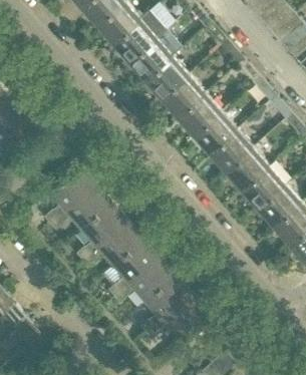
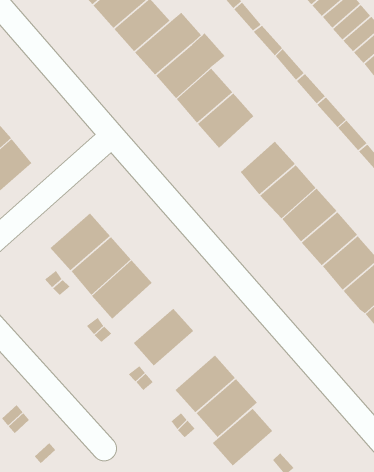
building: [178,92,221,135] -> none
building: [95,221,142,267] -> none
building: [127,258,175,303] -> [212,408,273,466]

